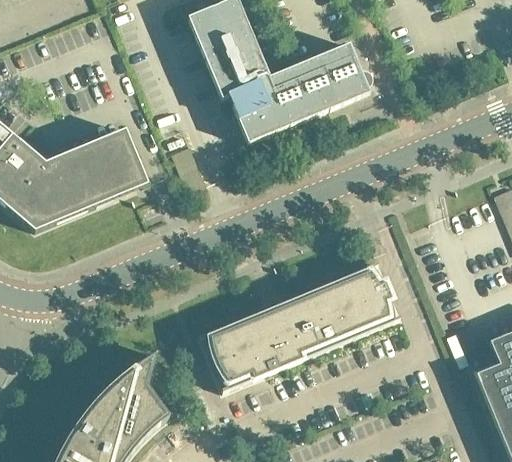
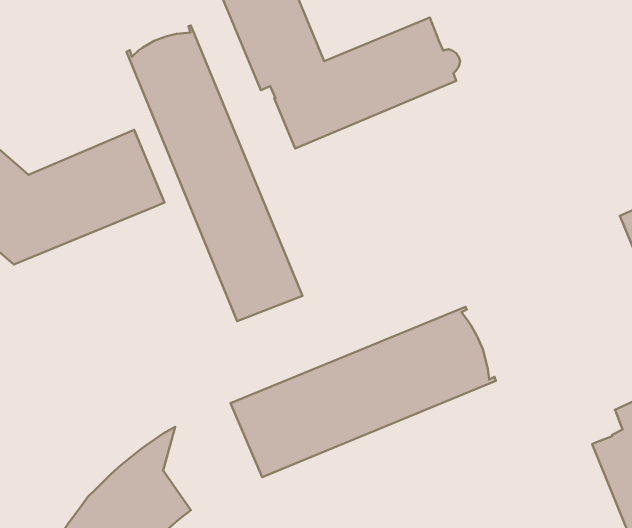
building: none -> [126,25,302,321]

